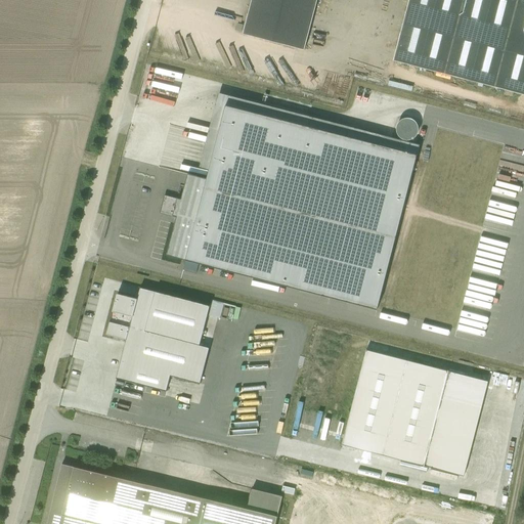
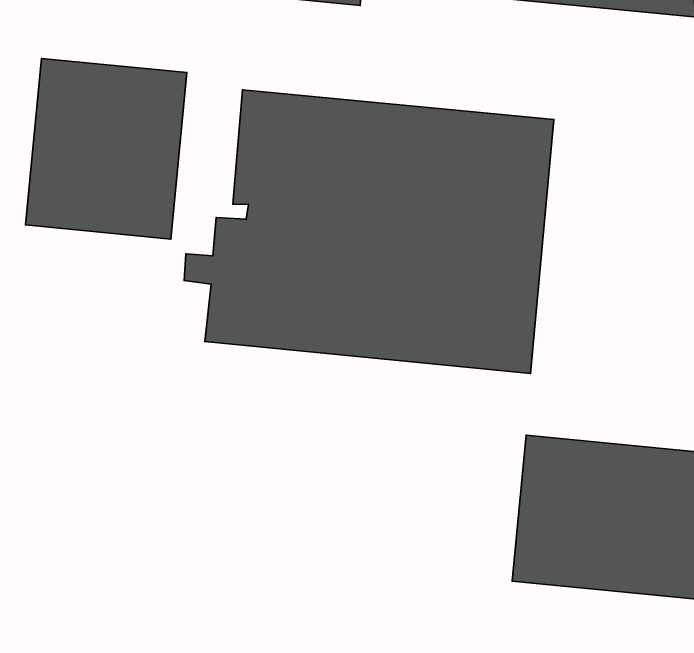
building: none -> [25,59,187,239]
building: [106,288,211,392] -> none

